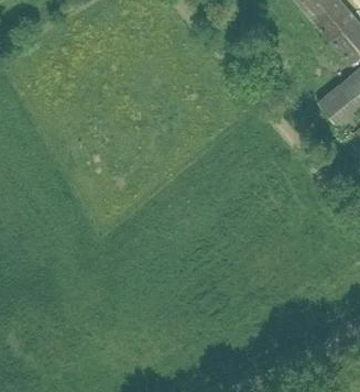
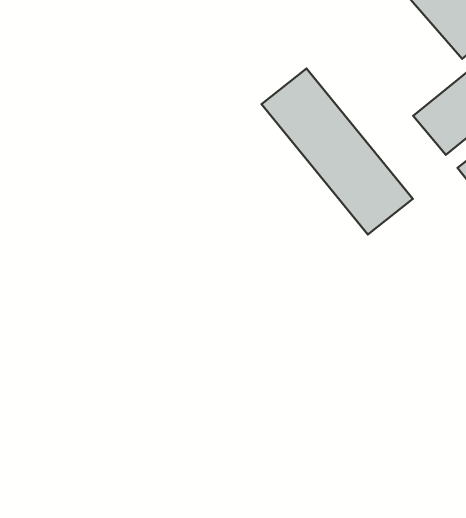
building: none -> [262,68,413,235]

